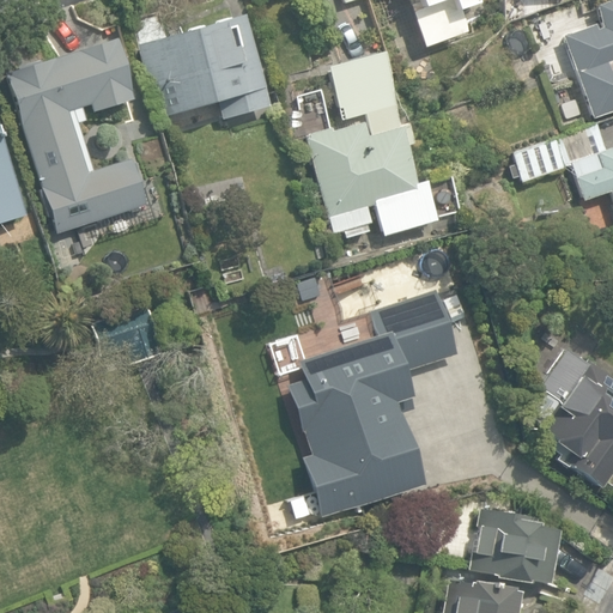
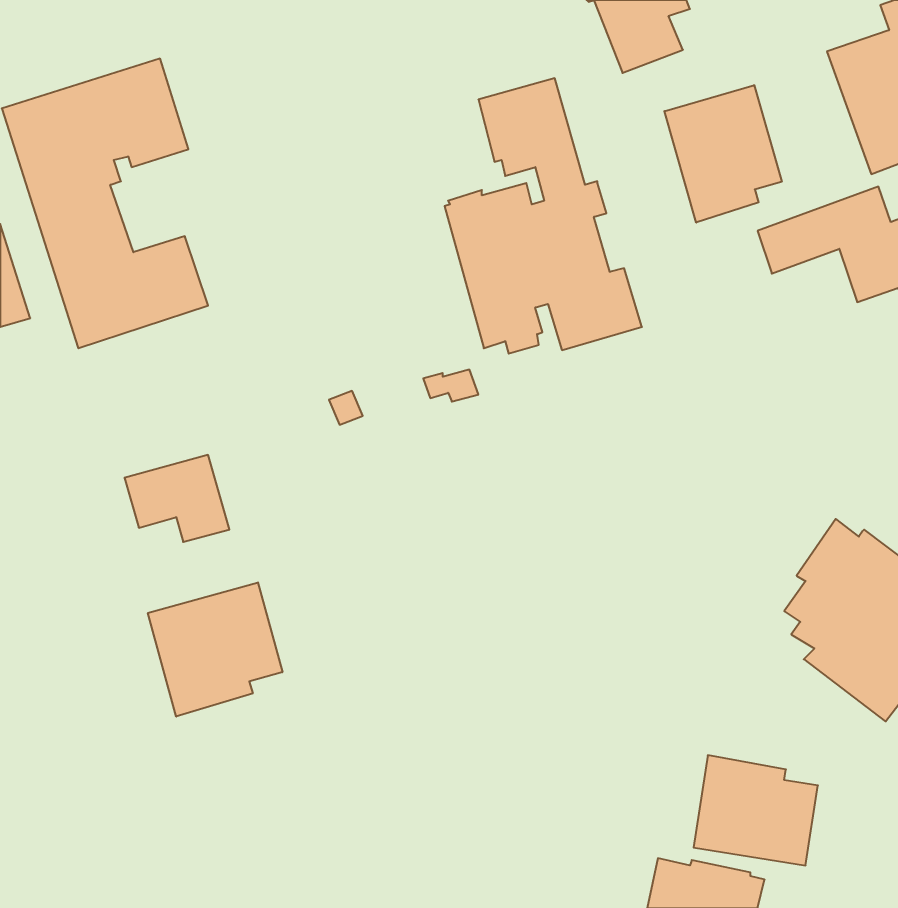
building: [132,10,272,119] -> none
building: none -> [664,85,782,223]
building: [293,298,453,509] -> none
building: none -> [148,582,282,717]

